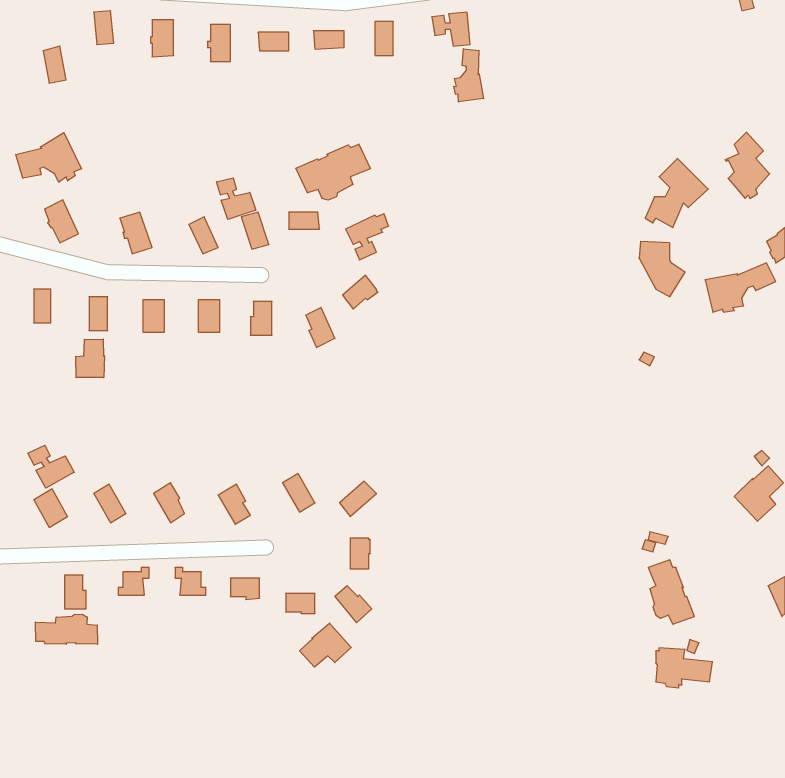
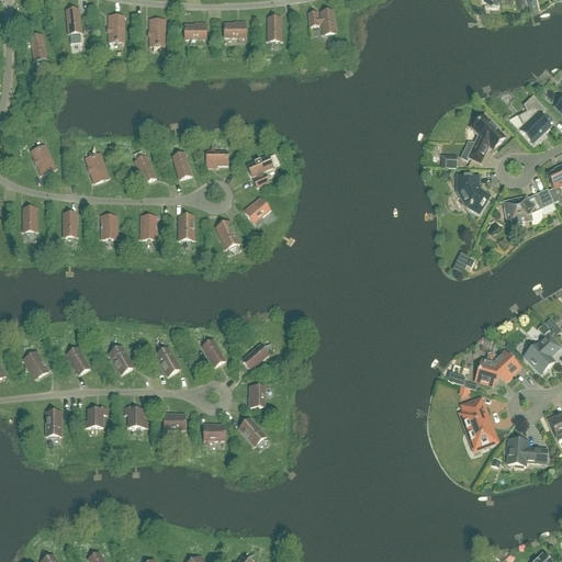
building: [454,49,484,102] -> none
building: [16,133,81,182] -> none
building: [296,144,370,200] -> none
building: [217,178,256,219] -> none
building: [76,339,104,378] -> none
building: [28,445,74,488] -> none
building: none -> [476,351,519,383]
building: [36,614,97,644] -> none
building: [300,623,351,667] -> none
building: [656,648,713,688] -> [507,438,548,467]

